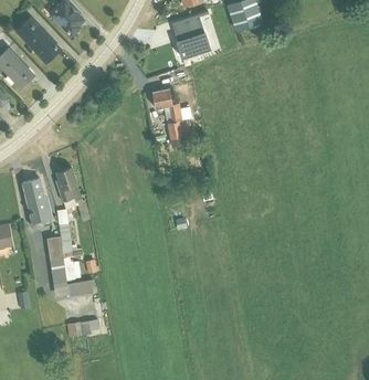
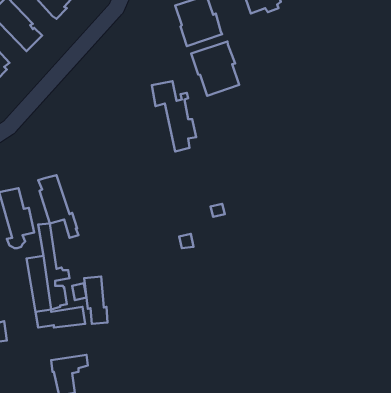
building: none -> [191,42,239,96]
building: none -> [84,277,108,324]

